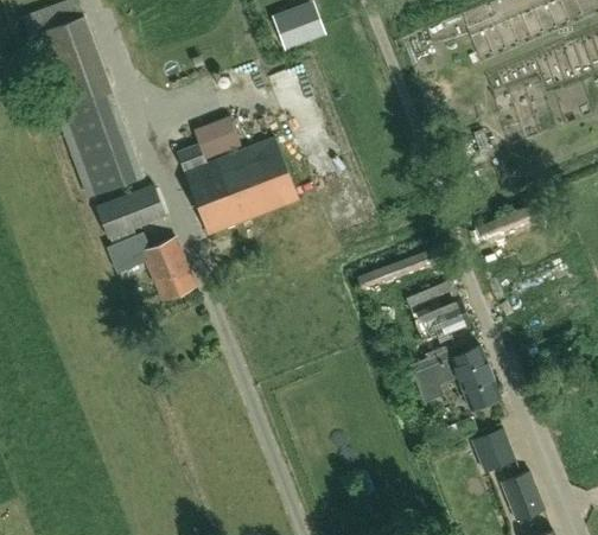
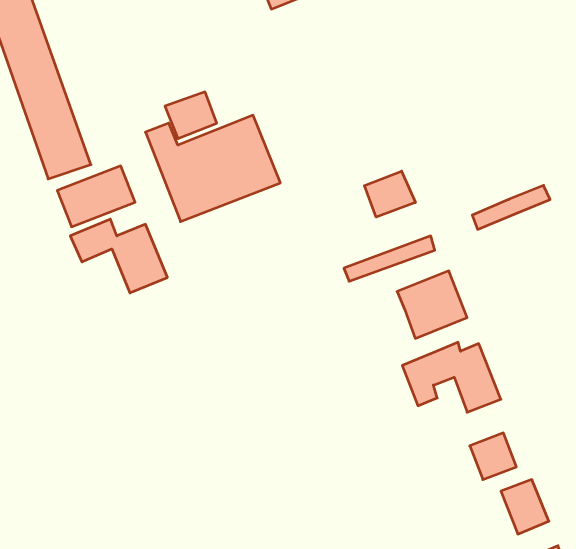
building: none -> [364,171,415,217]

